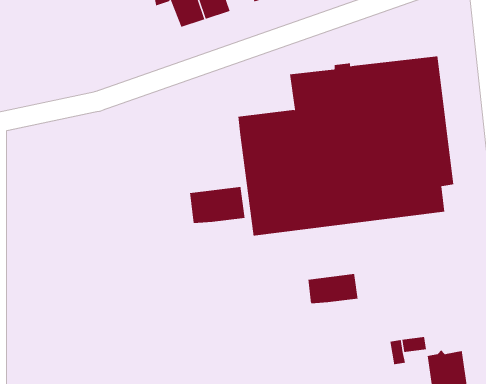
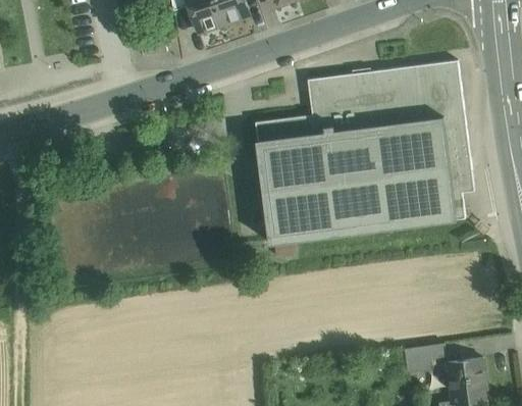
building: [190,186,245,224] -> none
building: [308,273,358,304] -> none

